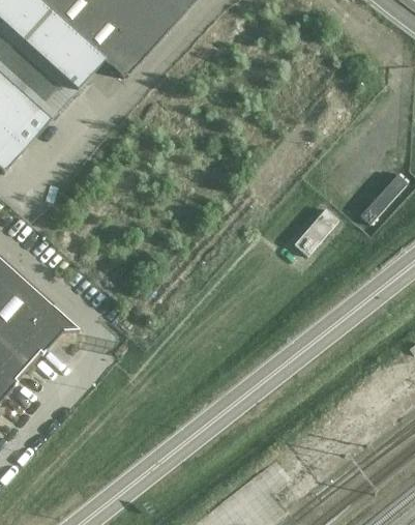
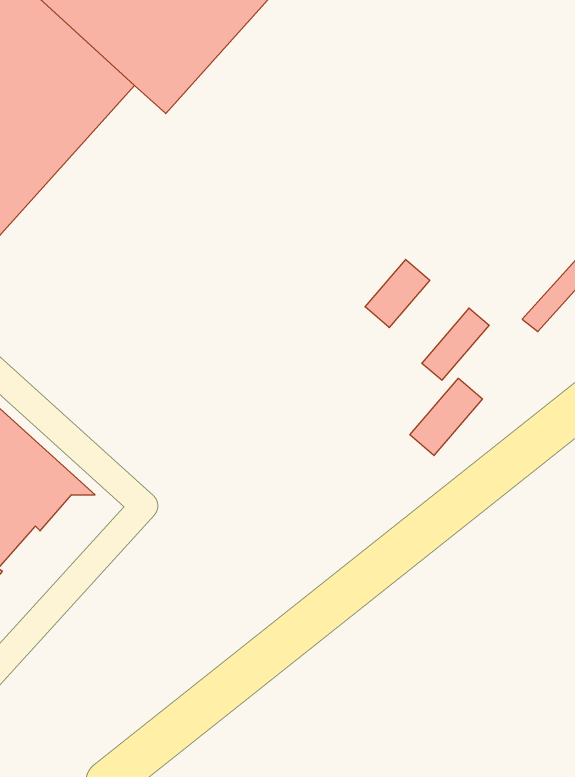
building: none -> [365,259,430,328]
building: none -> [410,378,482,456]

